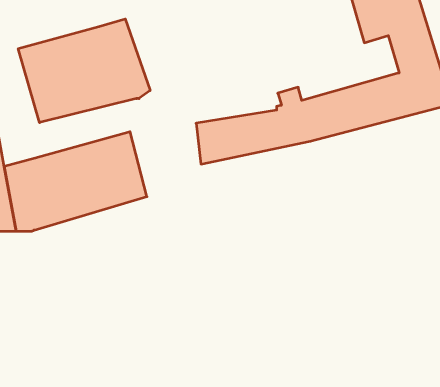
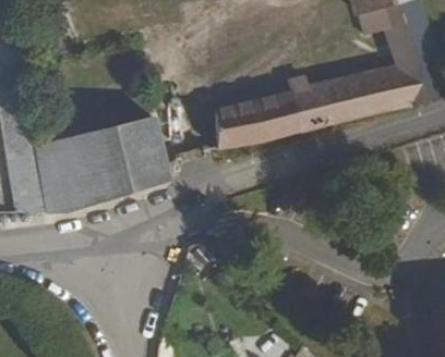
building: [18,19,150,123] -> none

